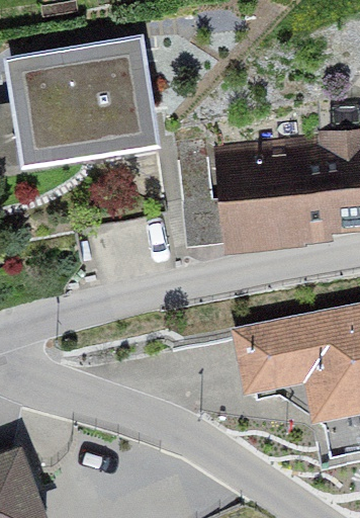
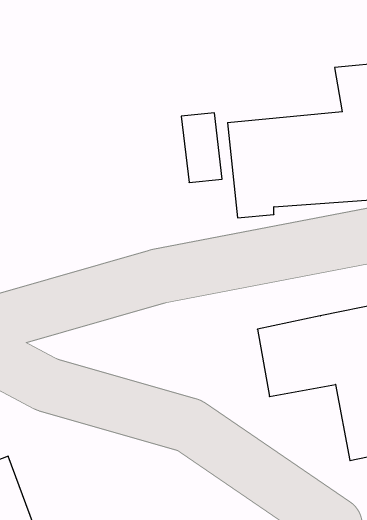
building: [15,47,141,156] -> none

